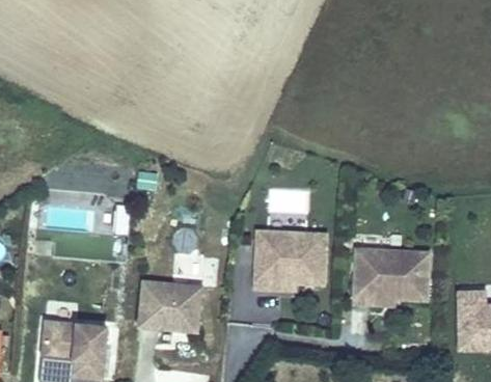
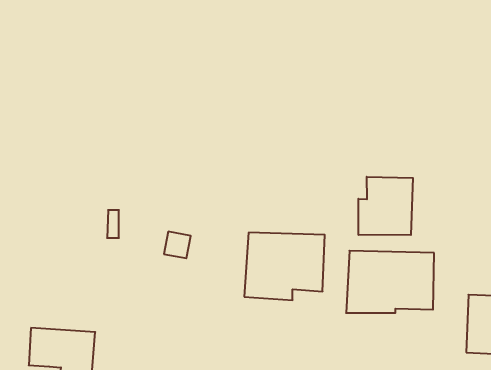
building: none -> [358,177,413,235]
building: [140,279,204,332] -> none

